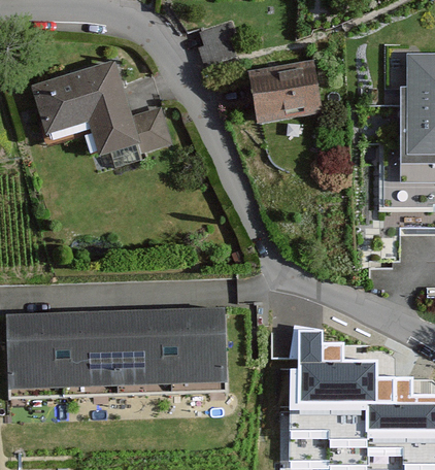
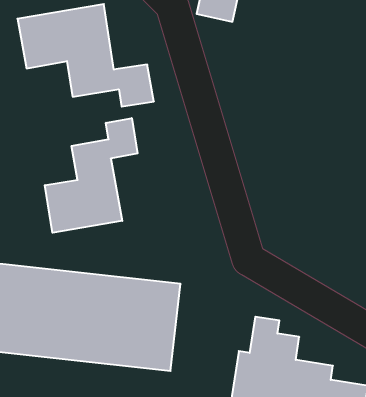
building: [254,65,317,118] -> none
building: none -> [45,118,138,233]

